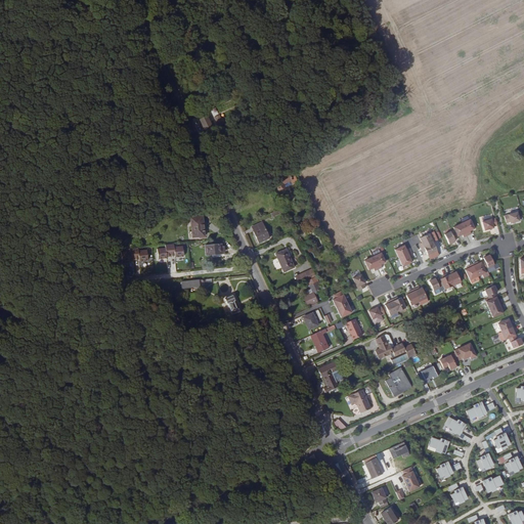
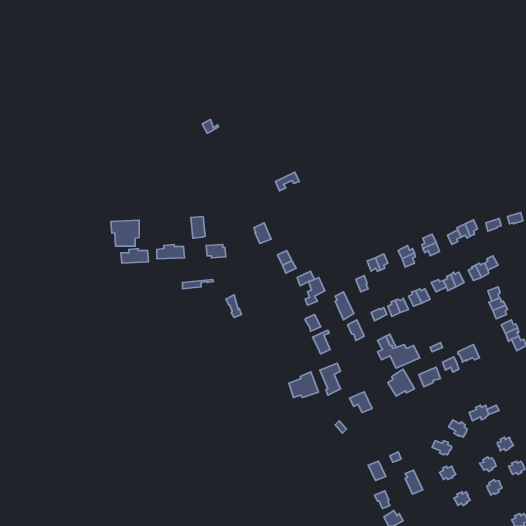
building: none -> [111,220,139,246]
building: none -> [289,372,319,398]

